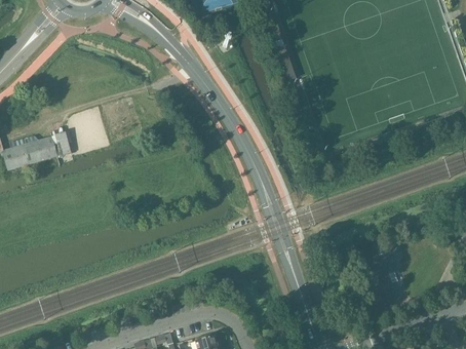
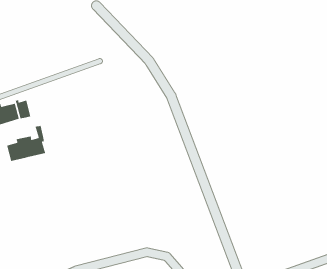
building: none -> [6,125,46,162]

